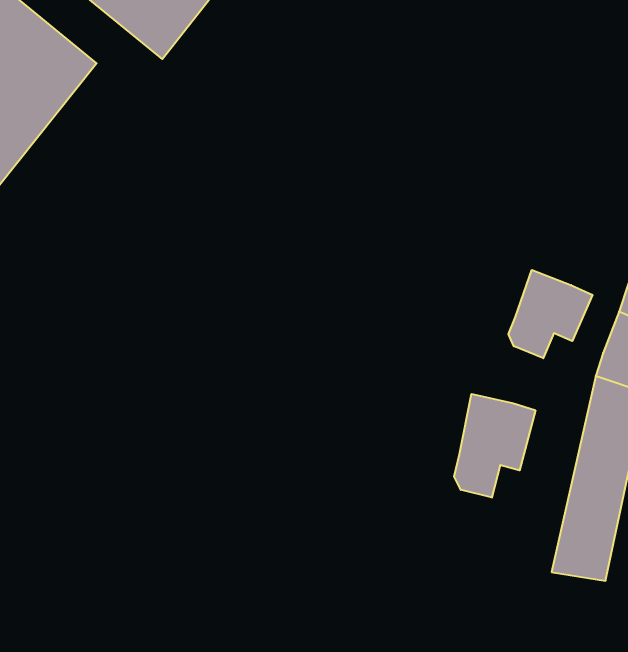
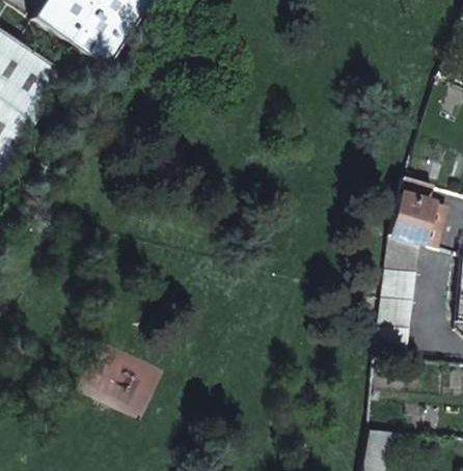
building: [509,270,592,358] -> none
building: [454,394,535,498] -> none

